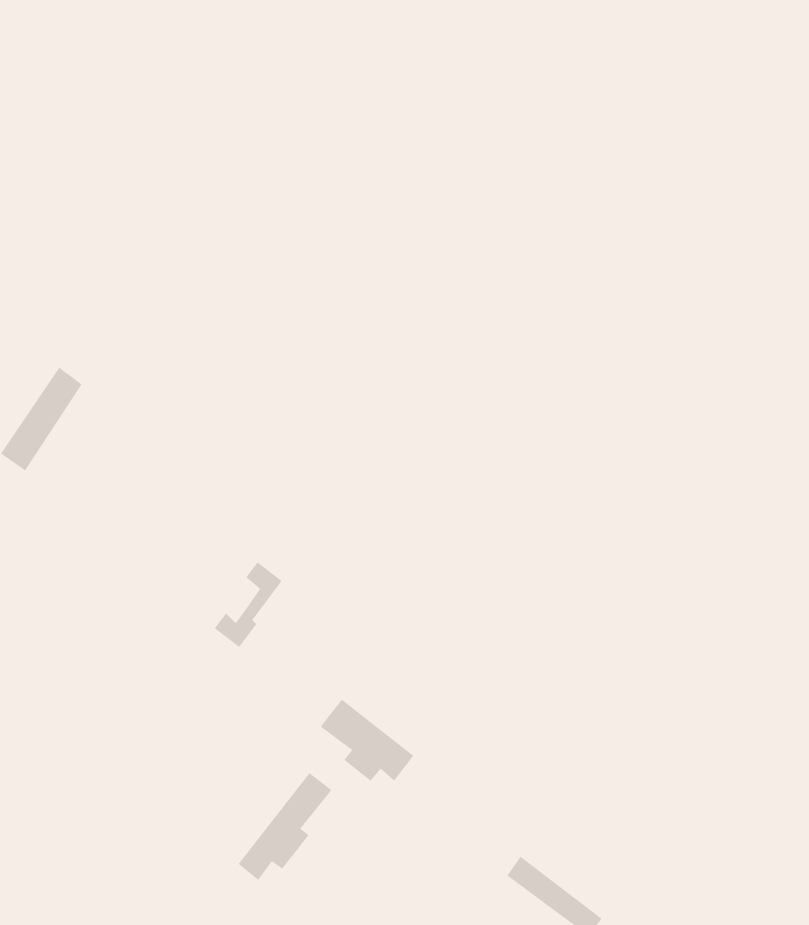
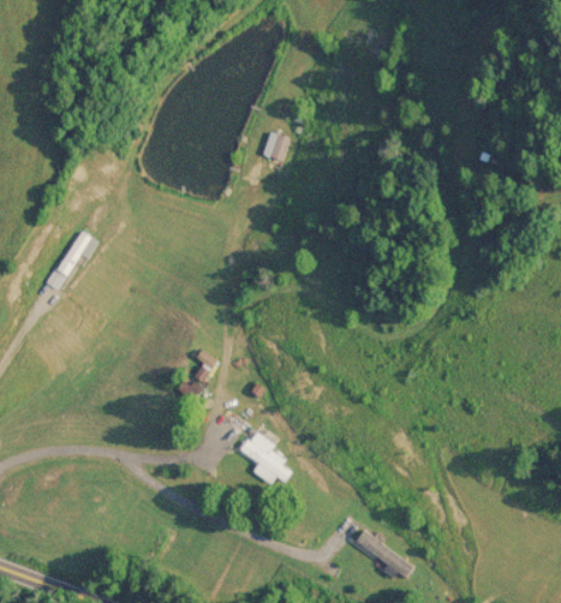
building: none -> [262,130,291,161]
building: [238,772,332,881] -> none

